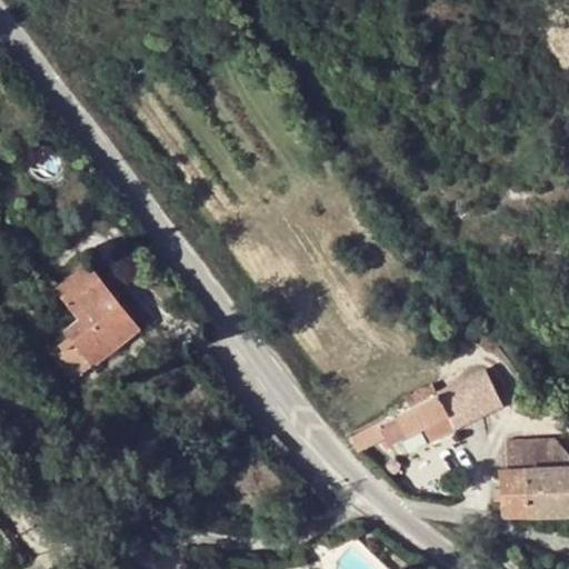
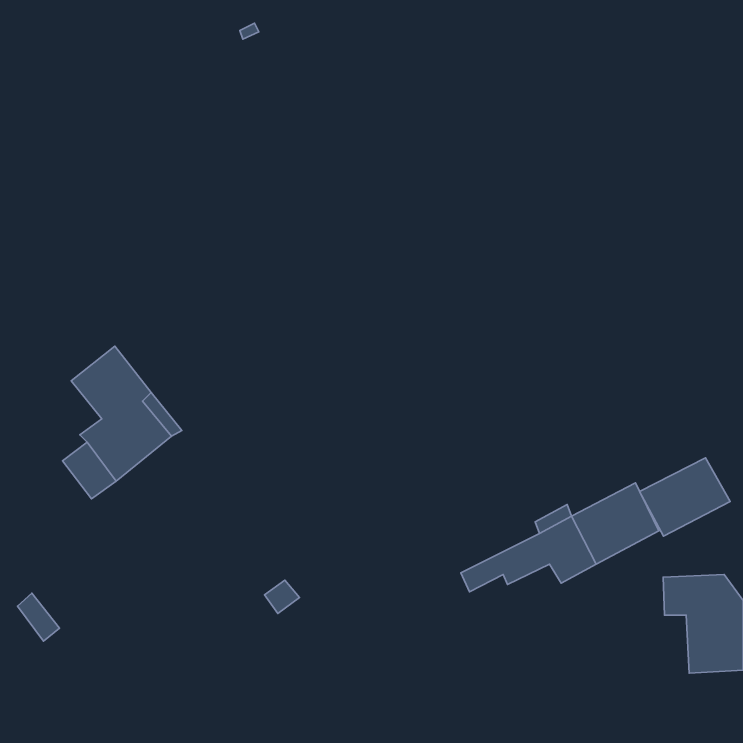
building: none -> [640,458,730,536]
building: [499,470,527,516] -> none

